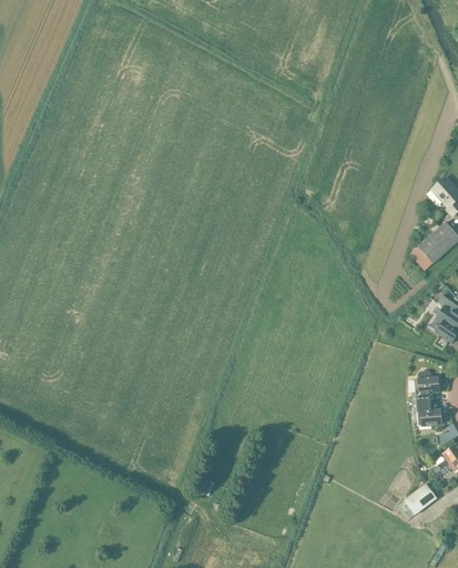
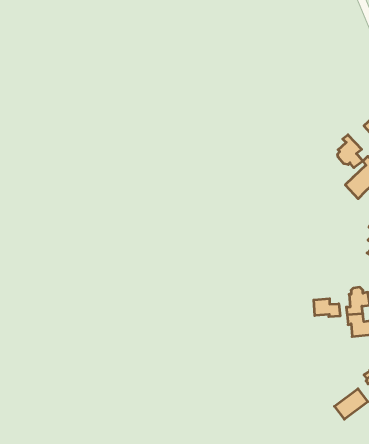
building: none -> [338,135,363,168]
building: none -> [314,299,340,317]

